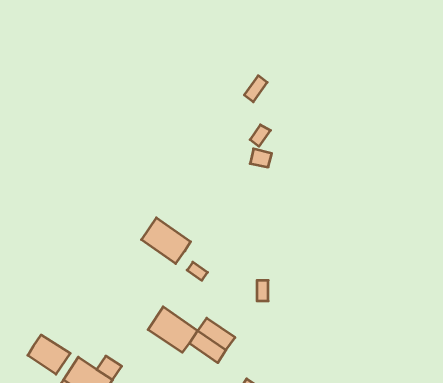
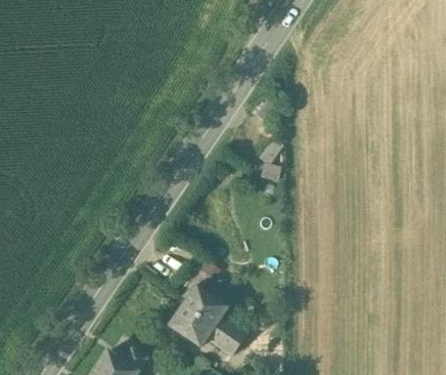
building: [141,218,191,264] -> [183,285,227,326]
building: [28,335,70,374] -> none

